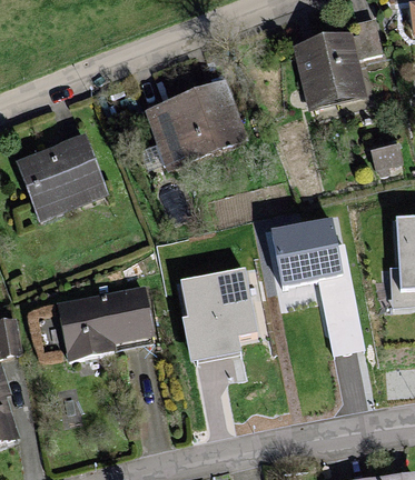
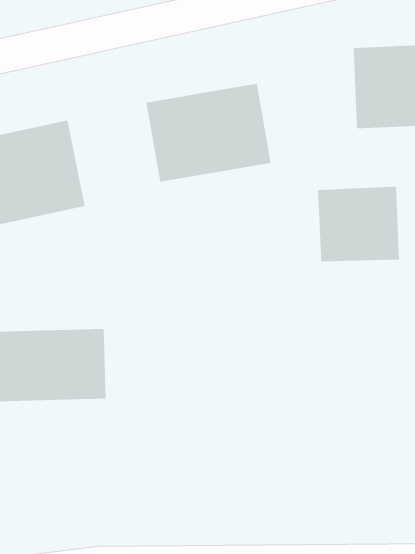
building: [271,214,342,280] -> [317,186,400,262]
building: [181,266,255,356] -> none

